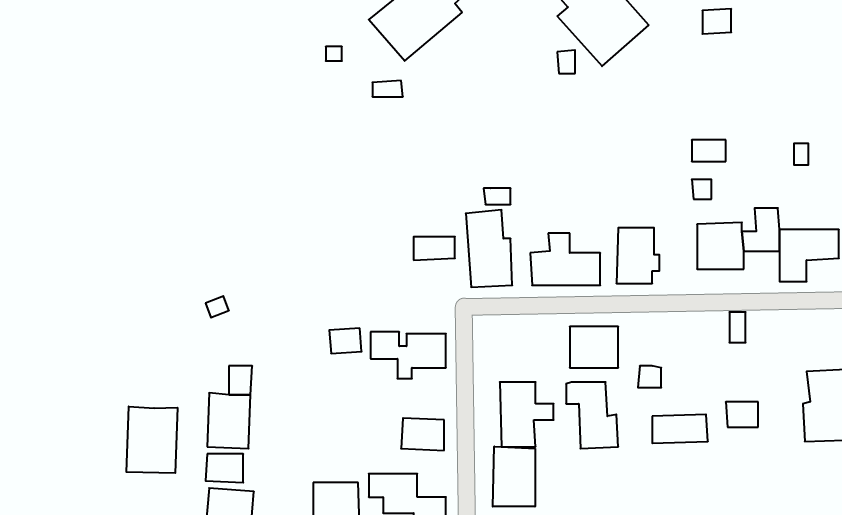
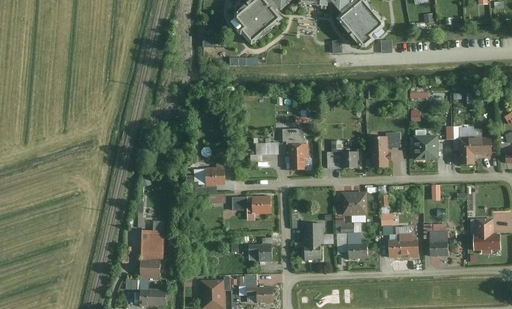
building: none -> [193,166,225,186]
building: [126,406,177,473] -> none
building: [493,446,535,507] -> none

